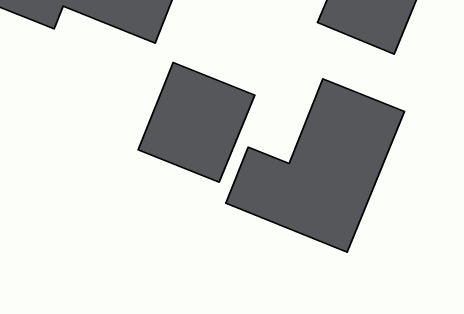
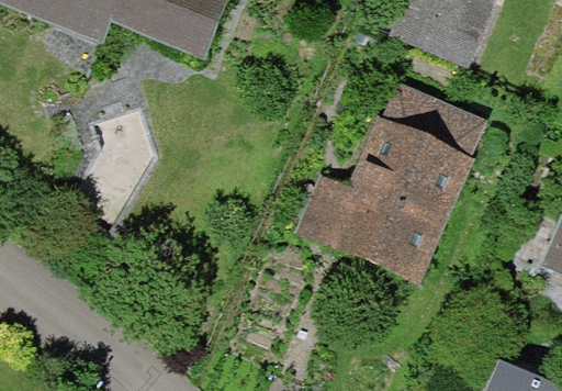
building: [138,62,255,182] -> none

